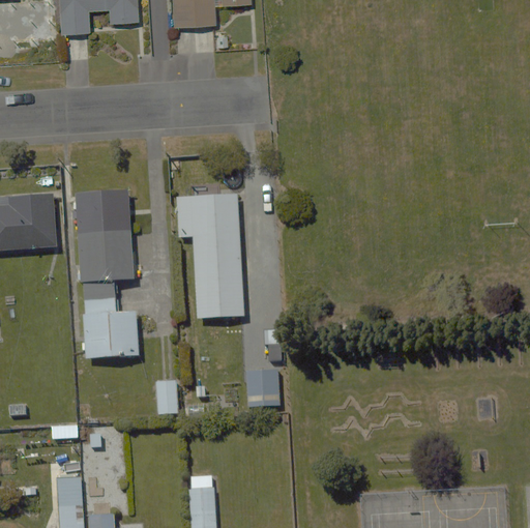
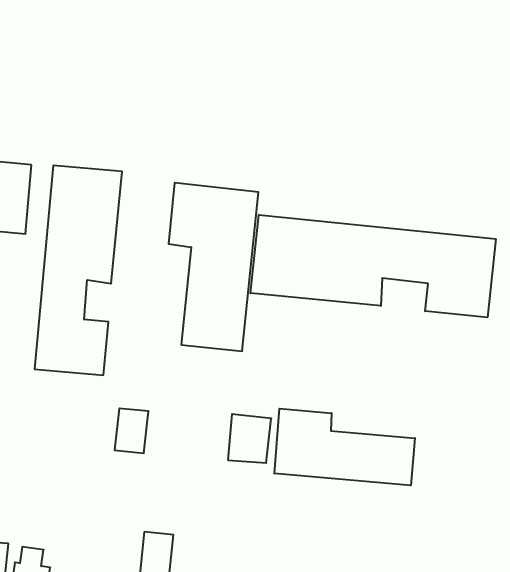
building: none -> [250,215,496,317]
building: none -> [274,409,415,485]

